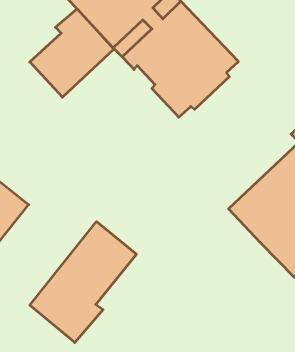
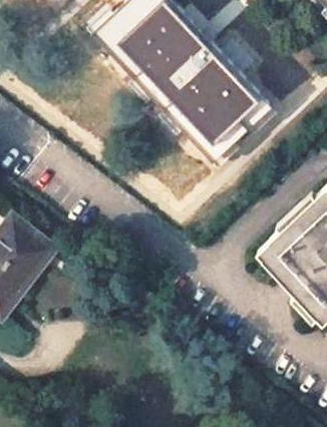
building: [30,9,114,97] -> none
building: [30,222,136,343] -> none

